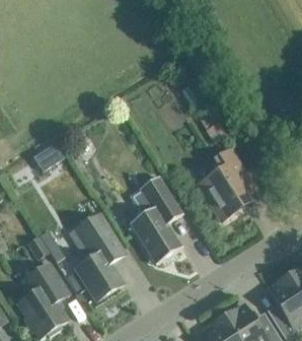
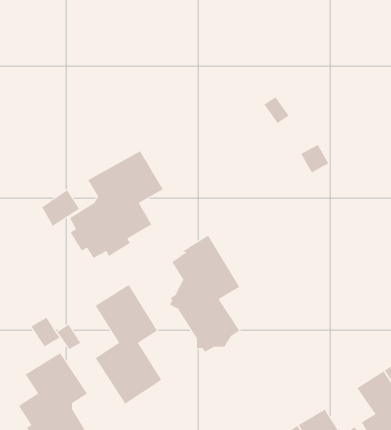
building: none -> [69,150,164,259]
building: [199,148,256,220] -> none

